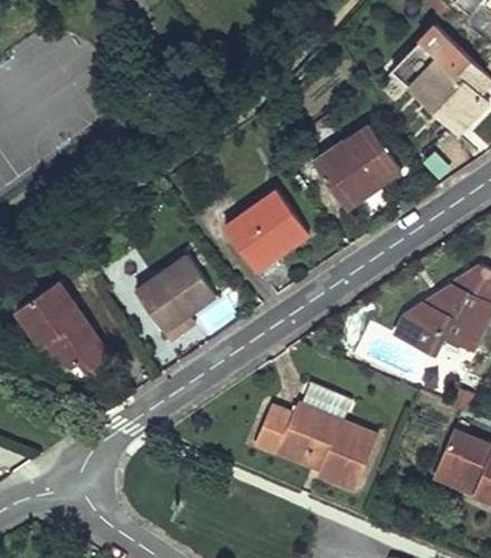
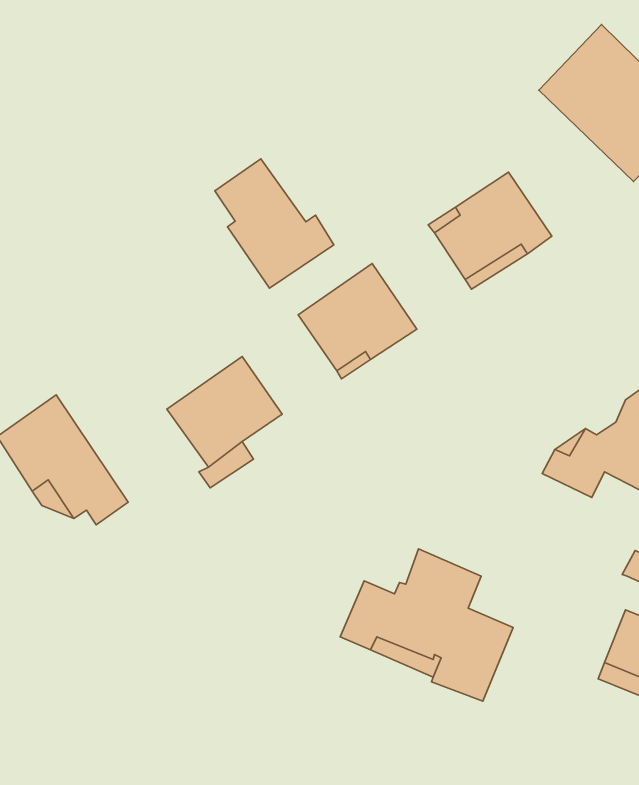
building: none -> [215,159,334,288]

